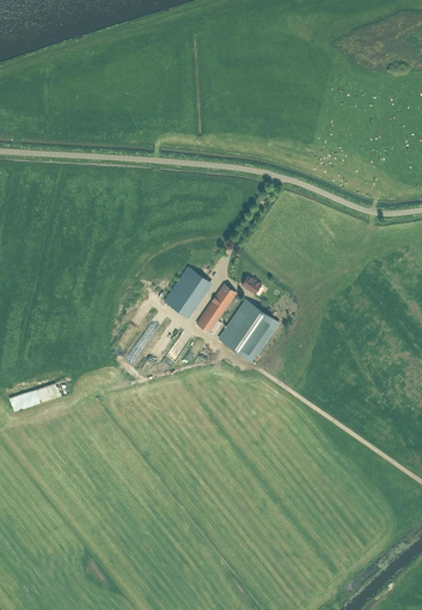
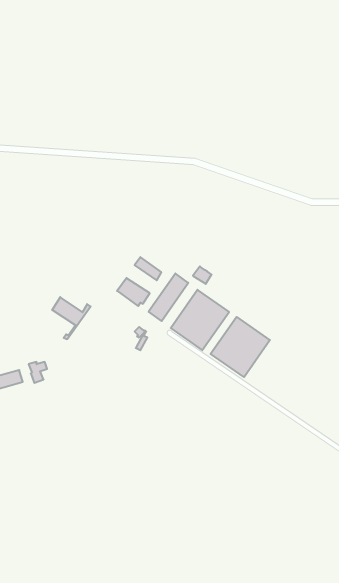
building: [172,275,212,318] -> [52,297,91,339]
building: none -> [211,317,270,377]

